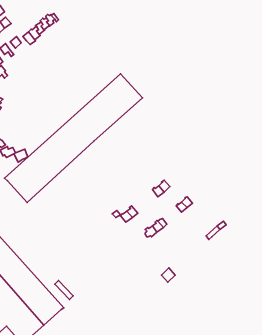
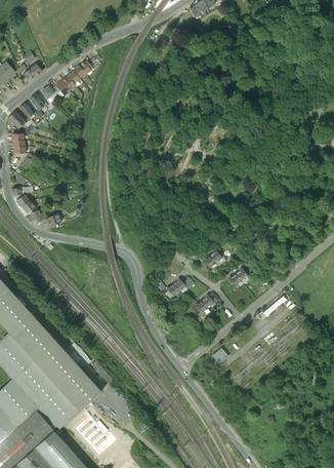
building: [4,74,142,203] -> none

